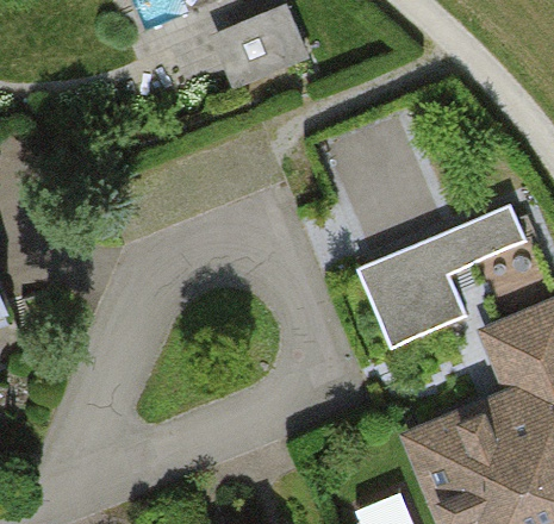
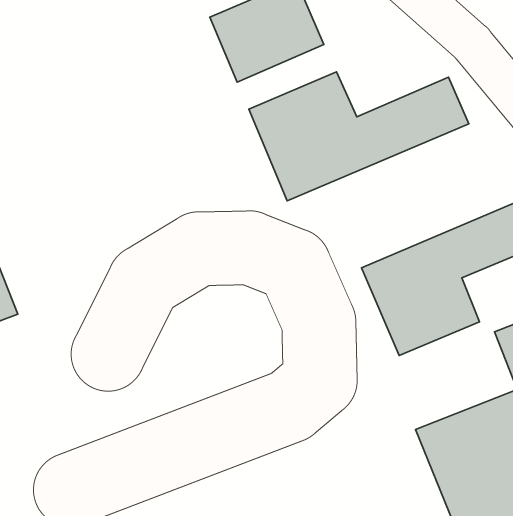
building: none -> [249,72,469,201]

